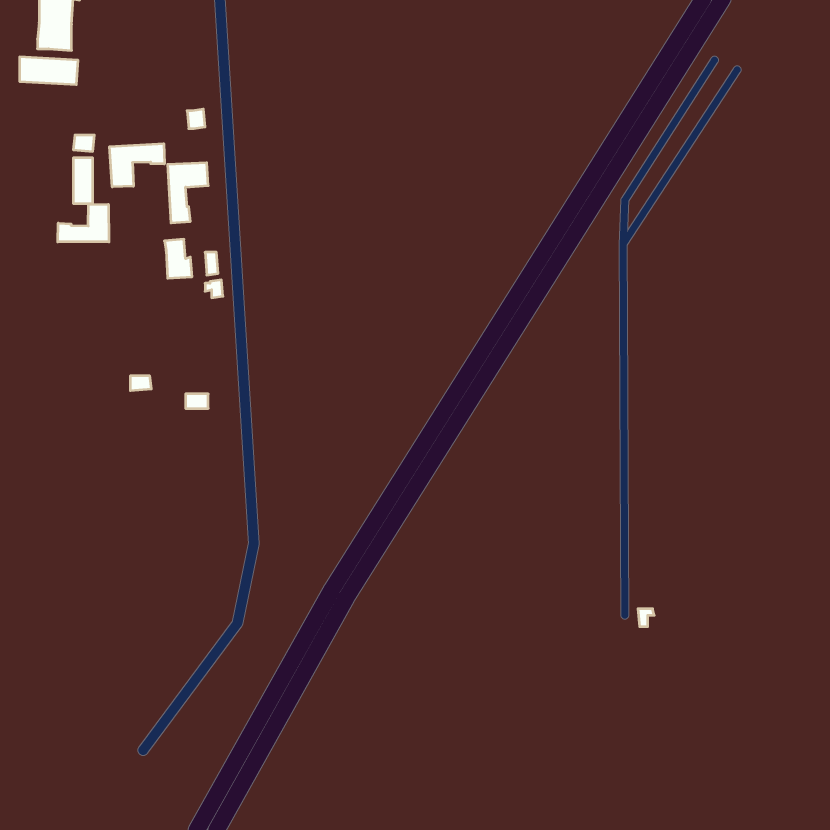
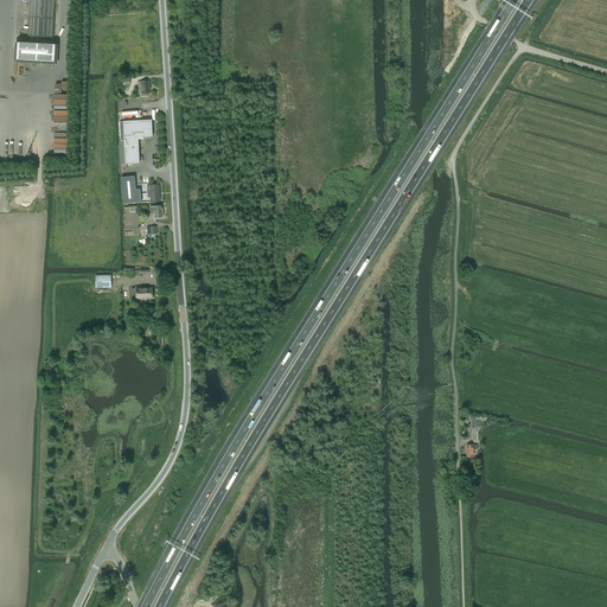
building: [110,144,164,187] -> none
building: [58,204,109,242] -> none

